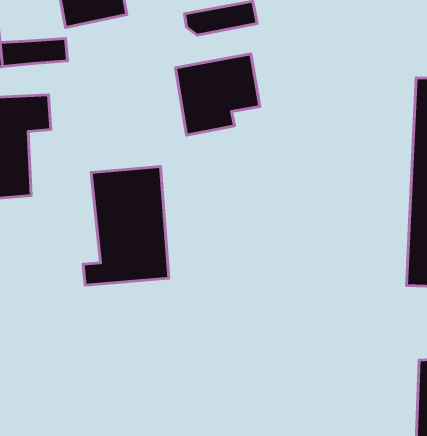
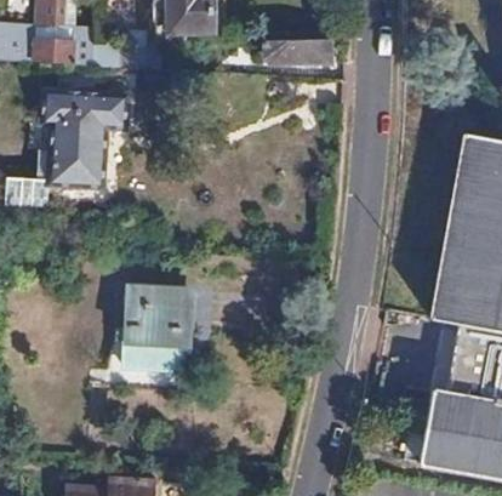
building: [176,54,260,135] -> none
building: [83,166,169,285] -> [108,284,192,389]

